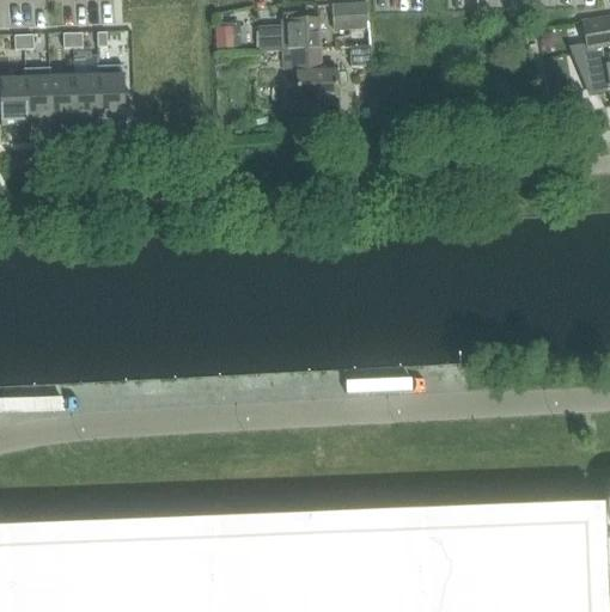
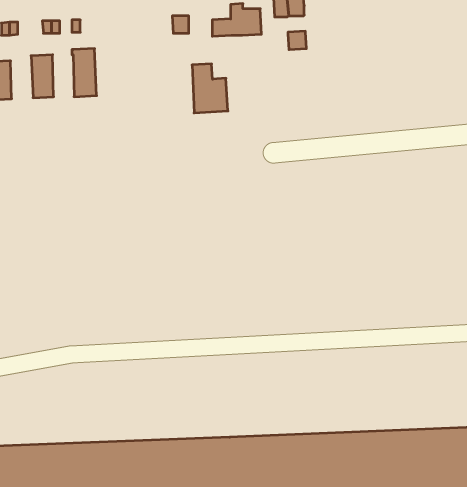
building: [295,47,337,104] -> [192,64,228,113]
building: [24,66,51,122] -> none
building: [74,71,99,120] -> none

